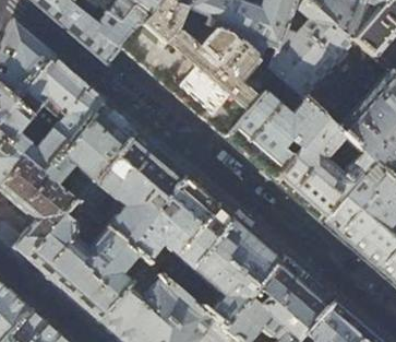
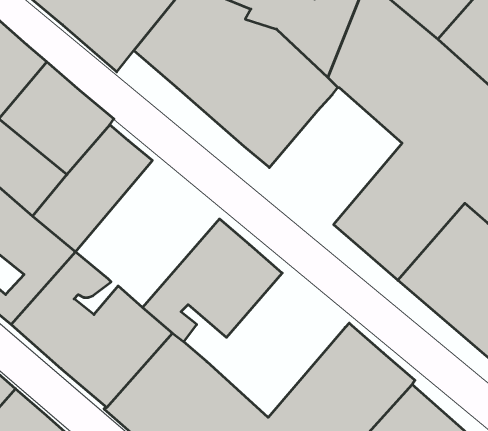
building: [224,75,325,180] -> none
building: [75,131,185,244] -> none
building: [176,217,281,328] -> none

